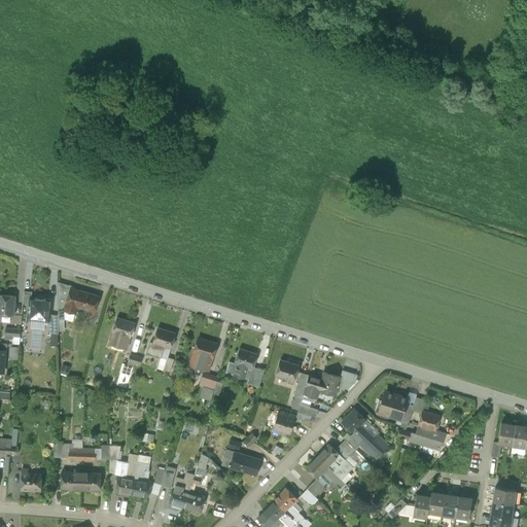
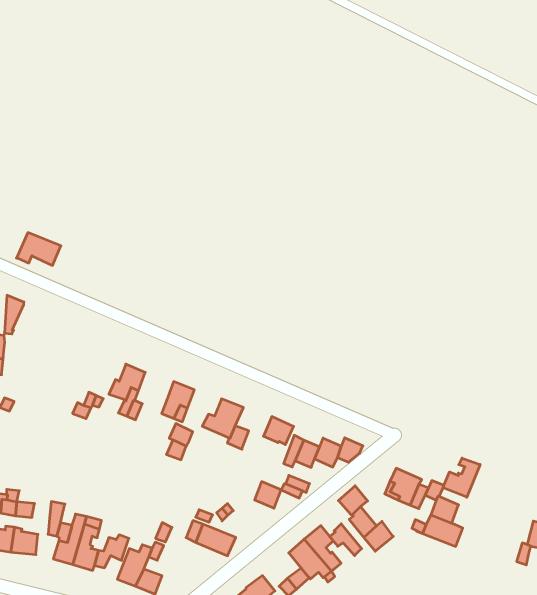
building: [64,288,99,313] -> [16,233,61,265]
building: [109,318,135,348] -> none
building: none -> [443,458,480,497]

